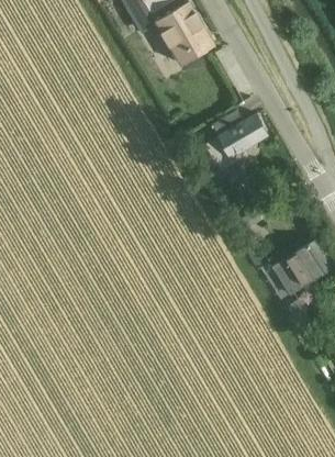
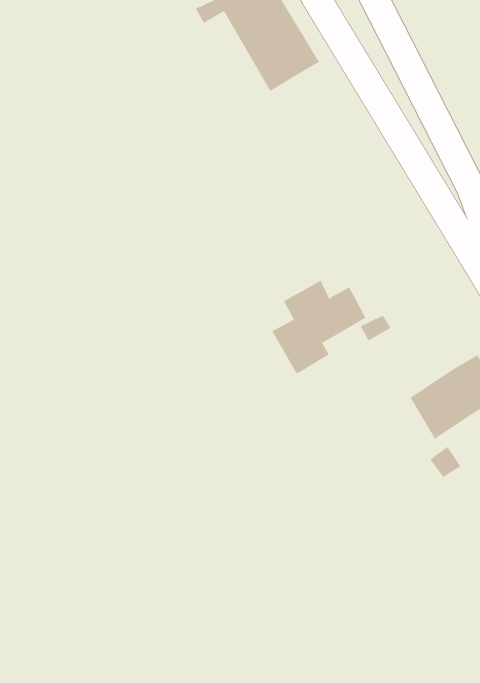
building: [204,111,267,174] -> [271,280,366,375]

